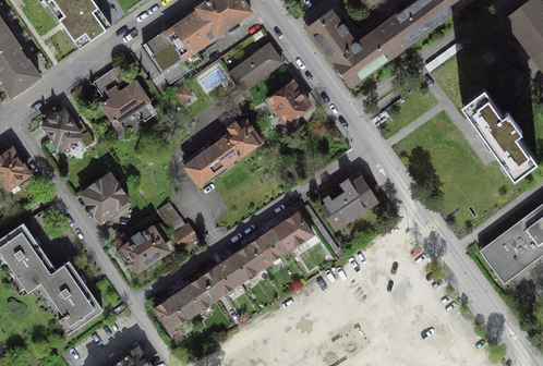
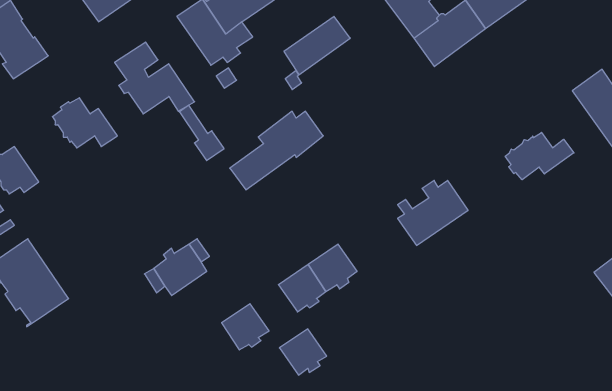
building: [267,82,310,123] -> none
building: none -> [505,132,574,180]
building: [82,174,129,221] -> none
building: [160,204,196,248] -> [179,105,224,161]
building: [273,211,312,249] -> none
building: [202,260,240,297] -> [279,329,327,375]
building: [38,261,102,332] -> none
building: [155,291,193,329] -> none

